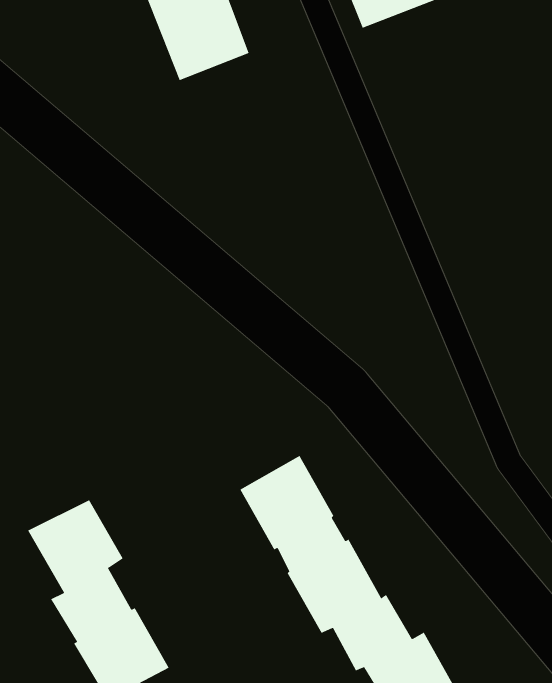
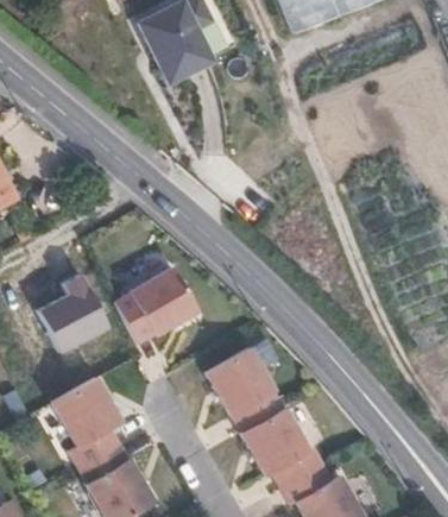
building: none -> [115,266,197,343]
building: none -> [44,272,115,353]

